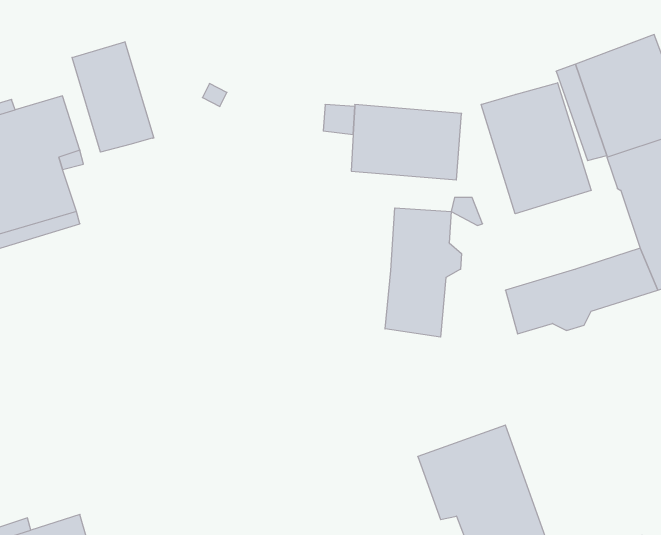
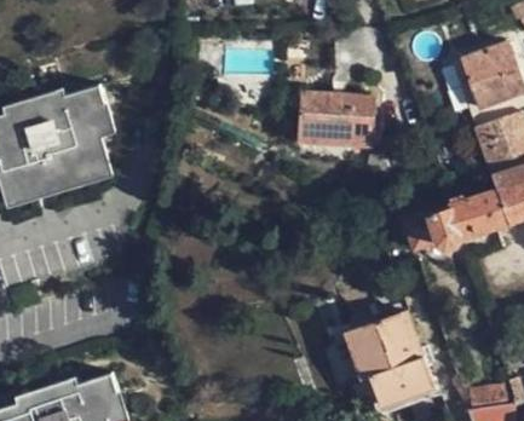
building: [72,42,154,152] -> none
building: [481,83,591,214] -> none
building: [385,208,462,337] -> none

